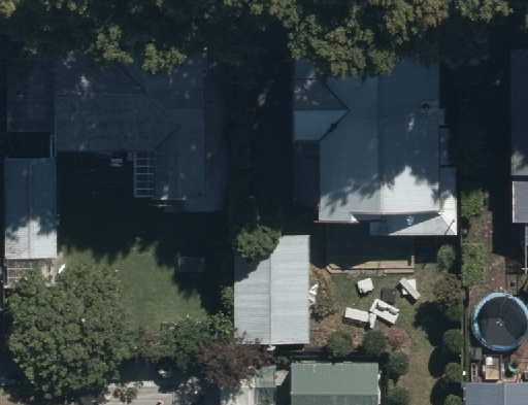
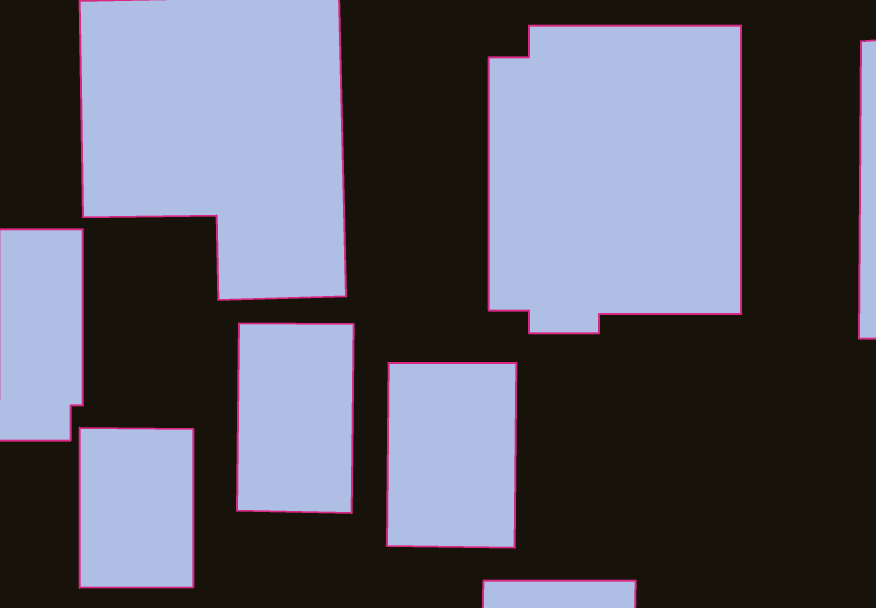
building: none -> [237,323,353,513]
building: none -> [80,428,193,588]

